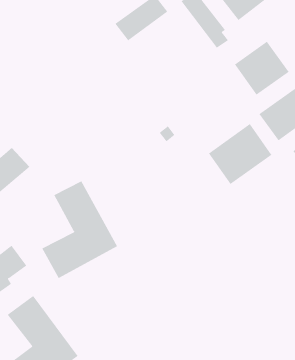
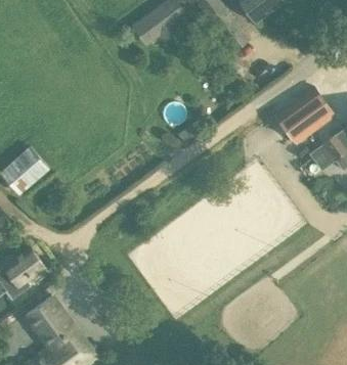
building: [234,41,289,95] -> none
building: [208,123,272,185] -> none
building: [41,181,118,279] -> none

